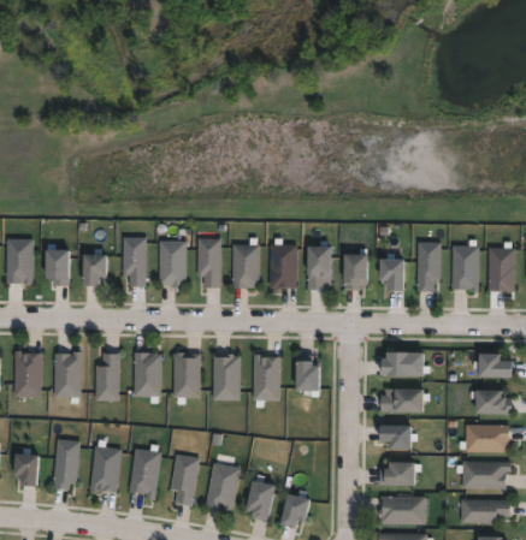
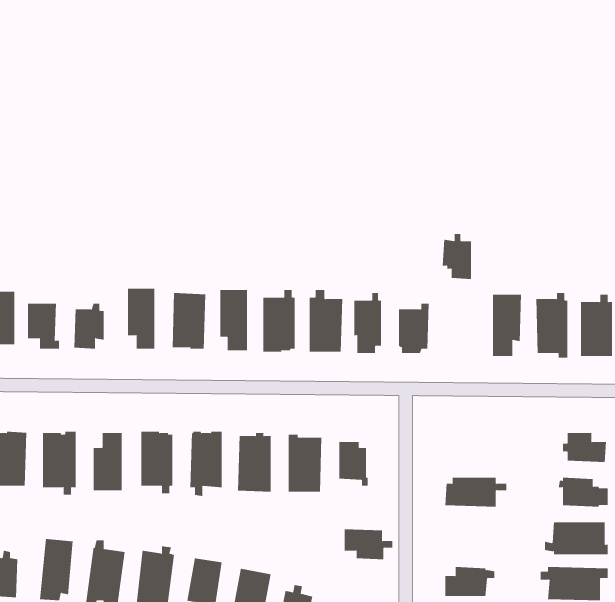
building: [378,254,402,291] -> [442,233,472,280]
building: [379,352,430,376] -> none
building: [378,425,418,450] -> [344,529,393,560]

